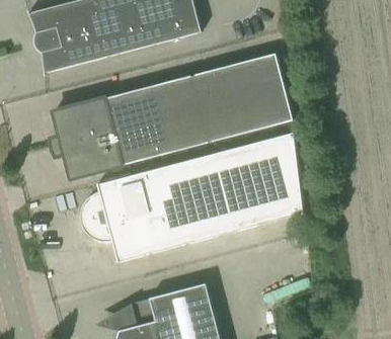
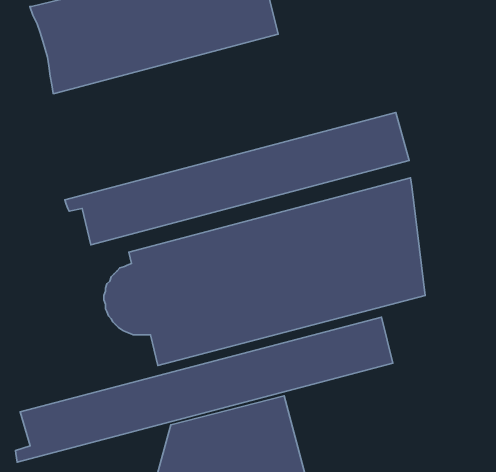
building: [51,54,283,148] -> none
building: none -> [16,317,393,462]

